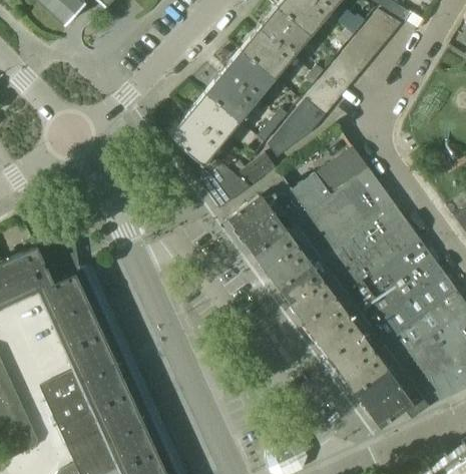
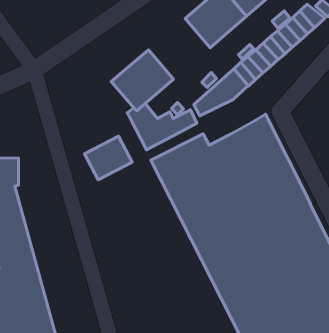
building: [204,49,275,121] -> none
building: none -> [84,136,132,180]

